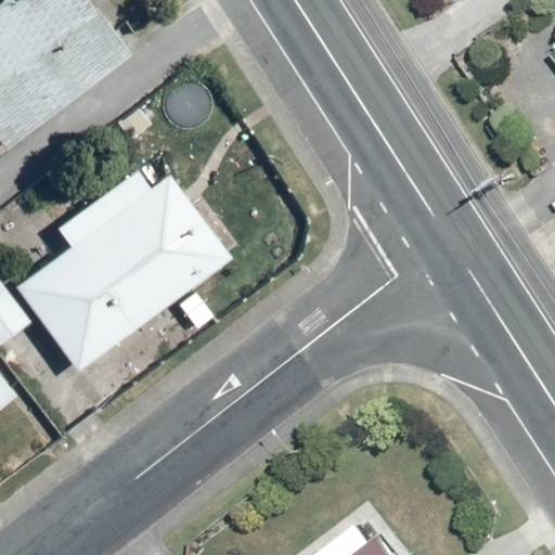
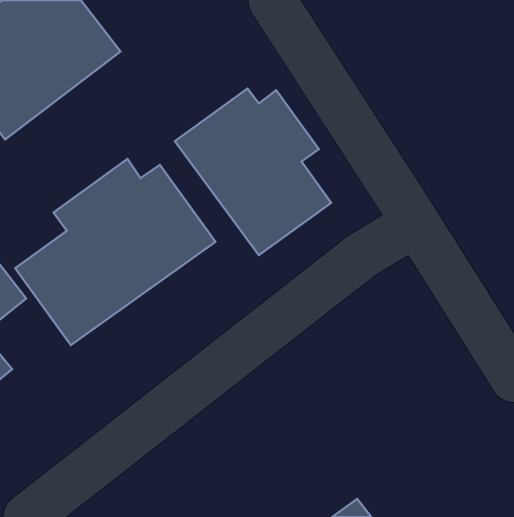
building: none -> [175,89,331,255]

